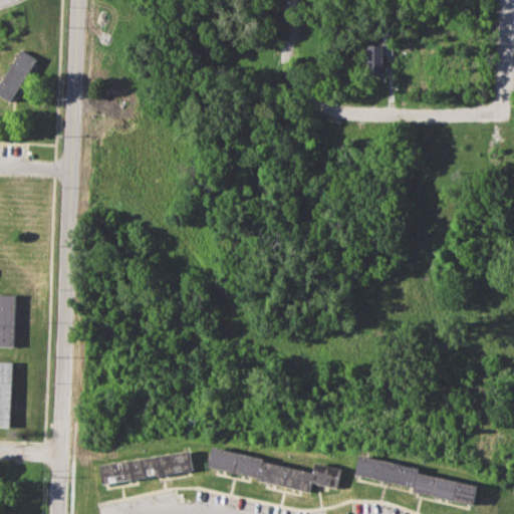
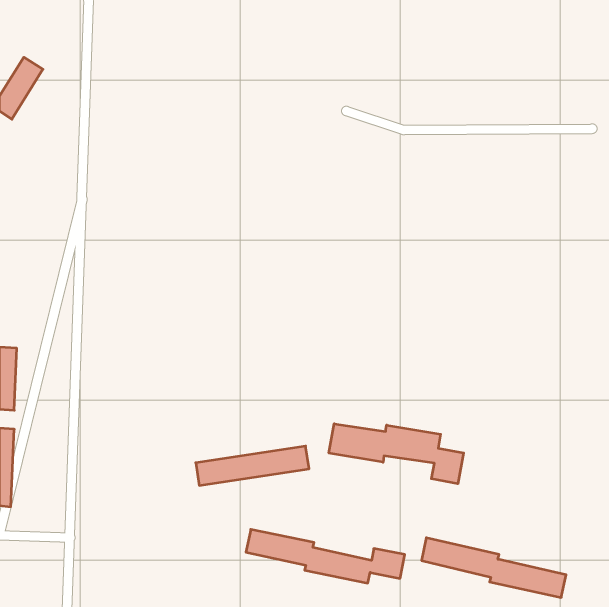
building: [368,37,390,76] -> none
building: none -> [329,424,464,484]
building: [98,452,194,485] -> [196,446,309,485]

